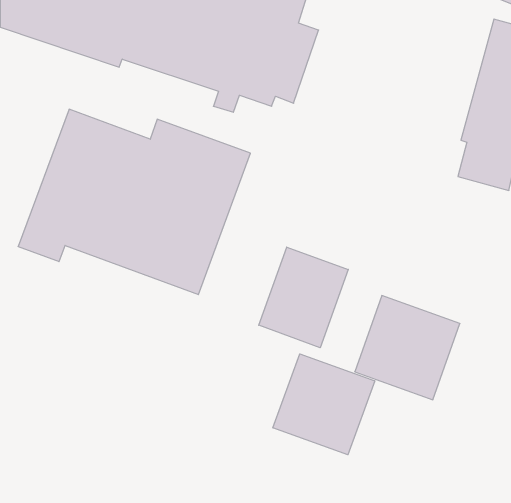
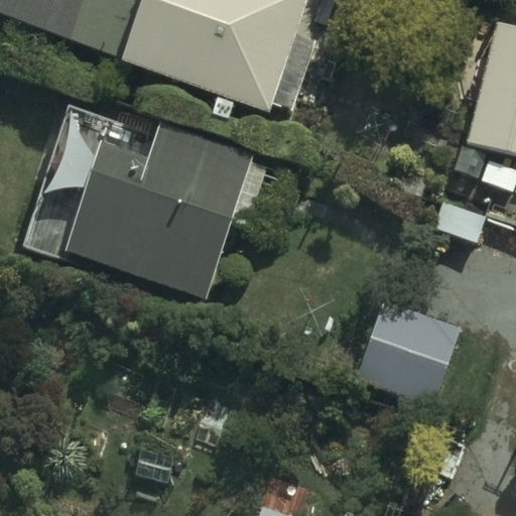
building: [259,247,348,348] -> none
building: [273,354,375,455] -> none

